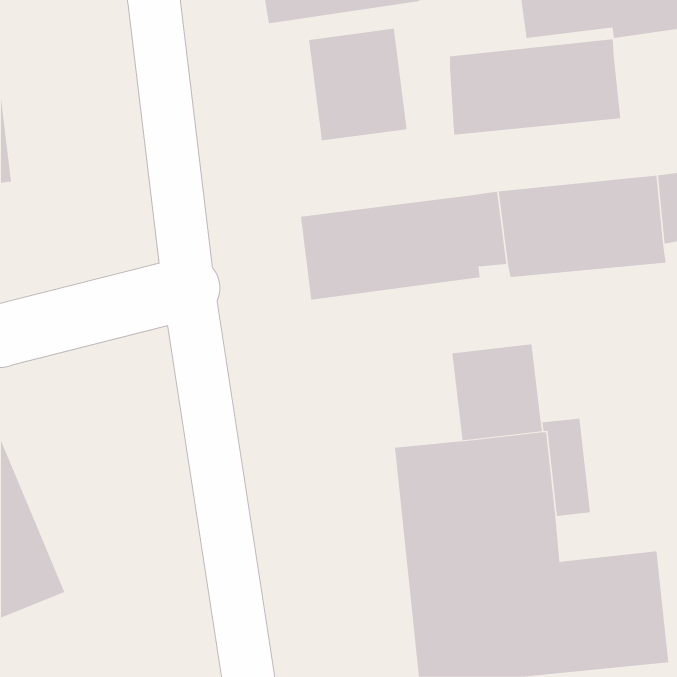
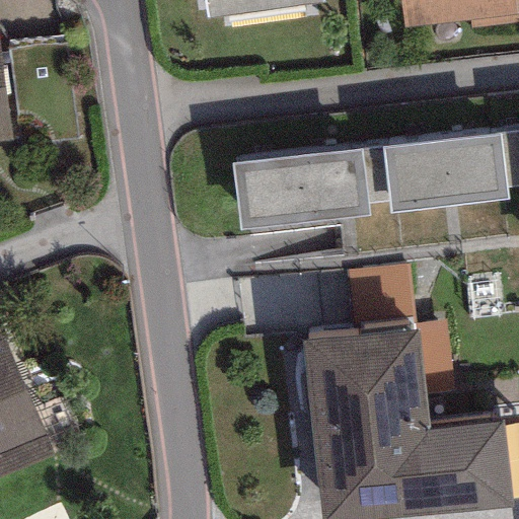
building: [308,28,407,141] -> none
building: [449,38,621,136] -> none

